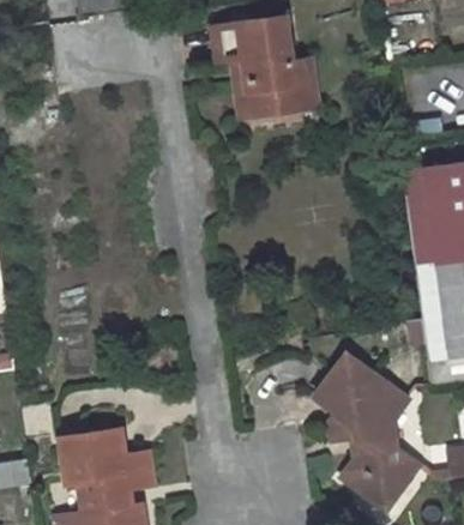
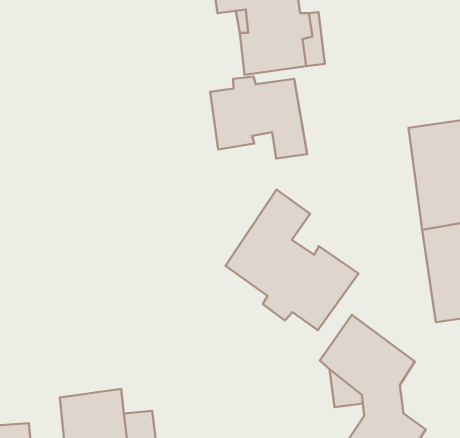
building: none -> [210,76,307,159]
building: none -> [226,190,359,330]

